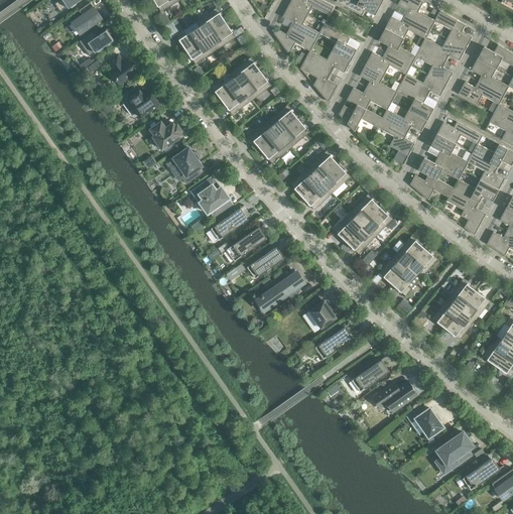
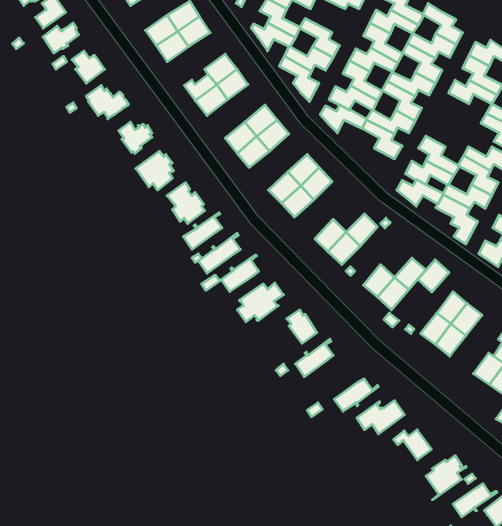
building: [437,121,483,144] -> none
building: [351,195,380,224] -> none
building: [395,236,424,266] -> [418,260,449,292]

